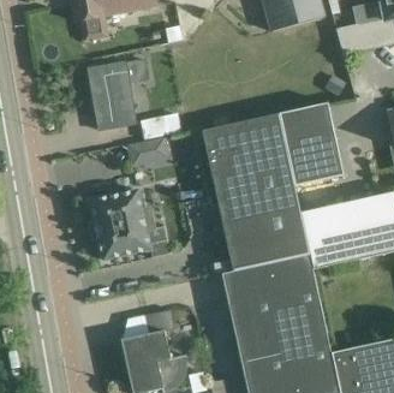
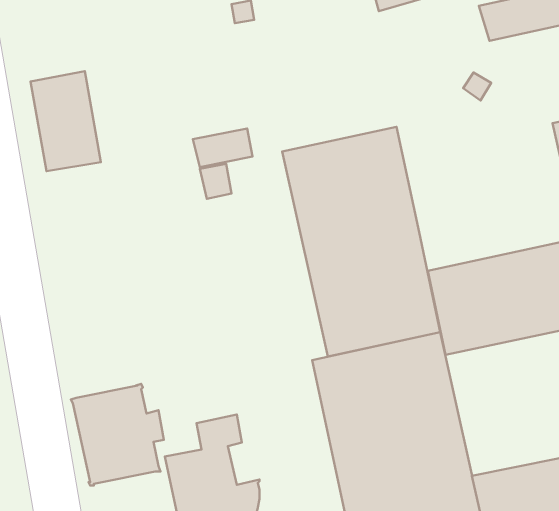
building: [88,61,136,130] -> [31,71,101,171]
building: [279,102,342,185] -> none
building: [89,190,153,260] -> [71,384,164,486]

